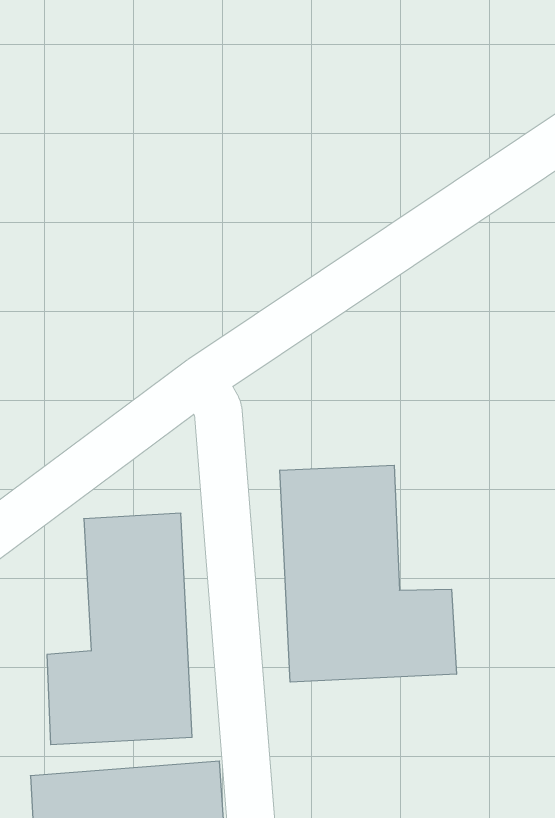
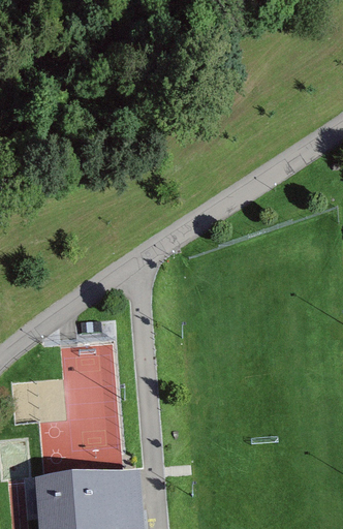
building: [280,465,456,682] -> none

